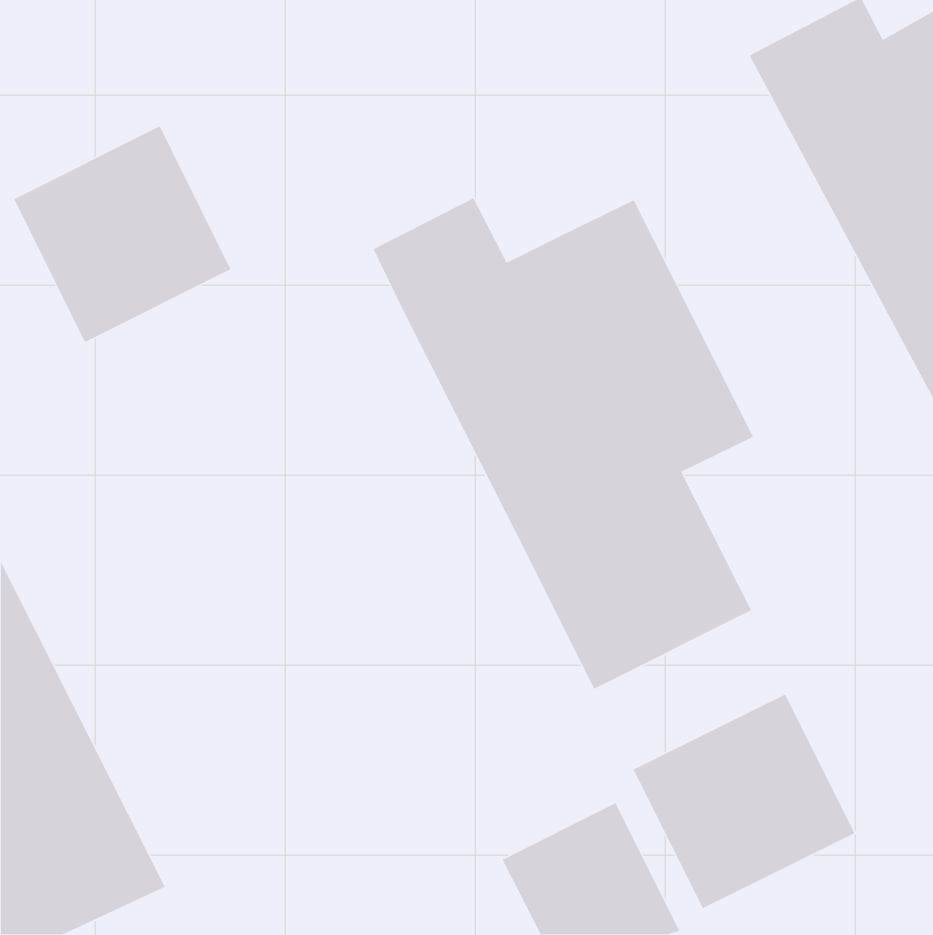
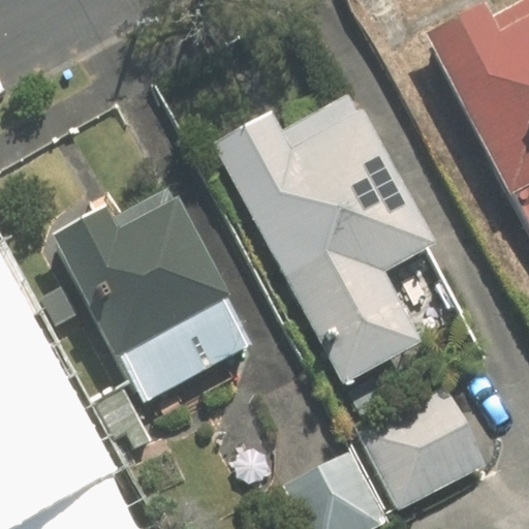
building: [13,125,231,343] -> none
building: none -> [59,195,250,400]

